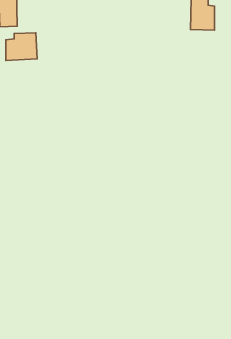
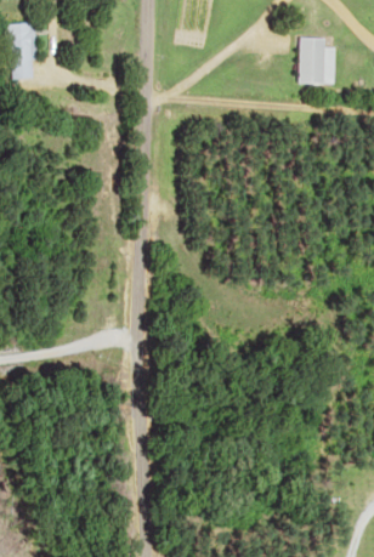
building: [6,33,37,60] -> none

